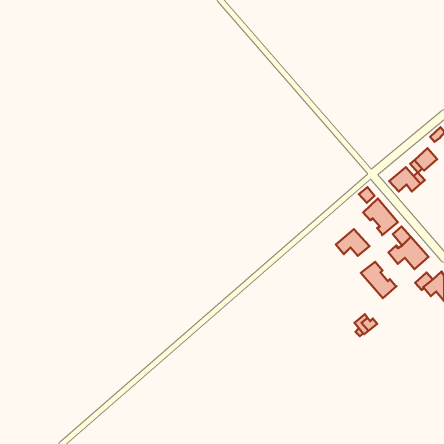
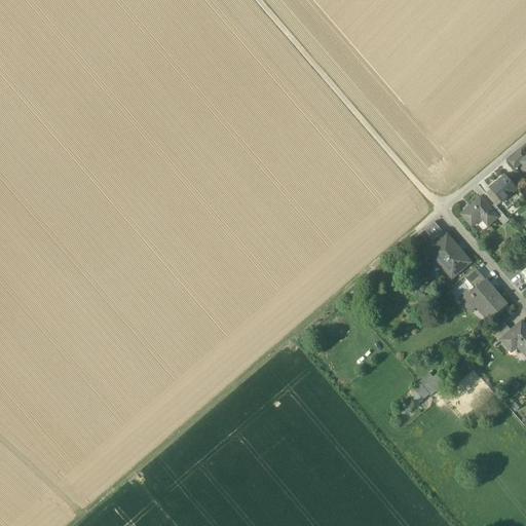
building: [336,229,369,256] -> none
building: [361,262,396,298] -> none

